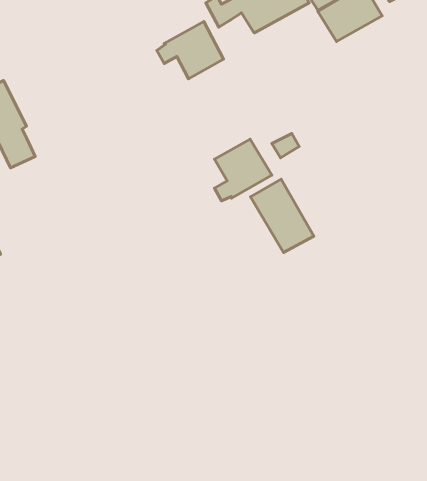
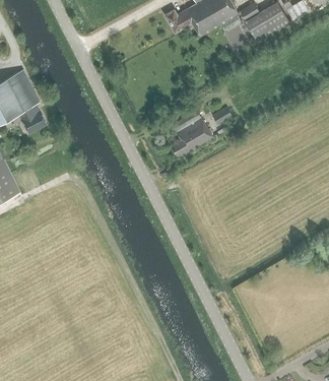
building: [157,21,224,79] -> none
building: [250,179,314,253] -> none

